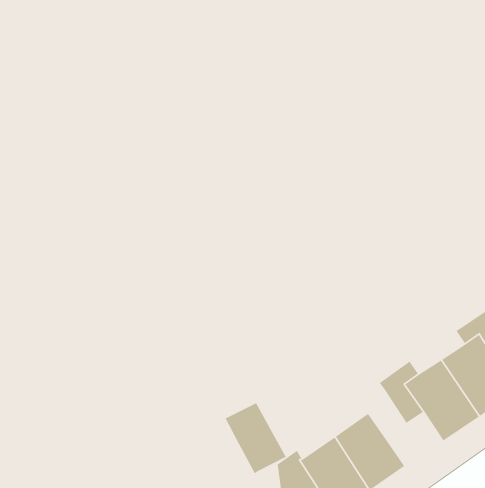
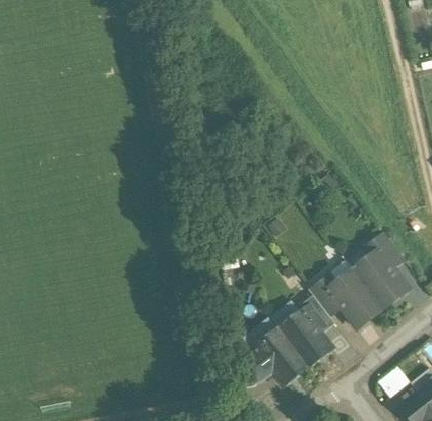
building: none -> [297,293,335,334]
building: [225,402,287,474] -> none

